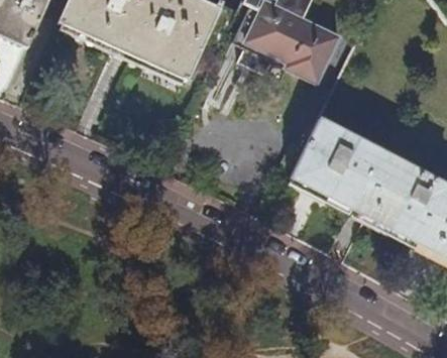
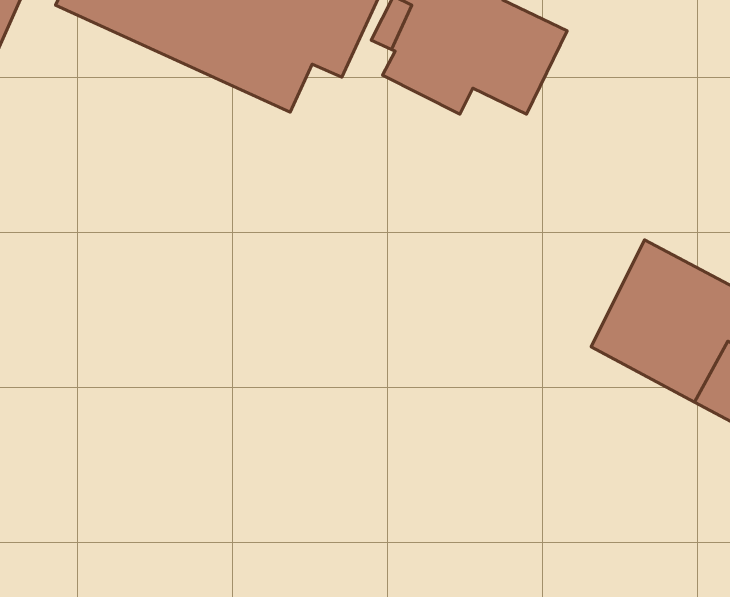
building: [290,117,381,209] -> none

